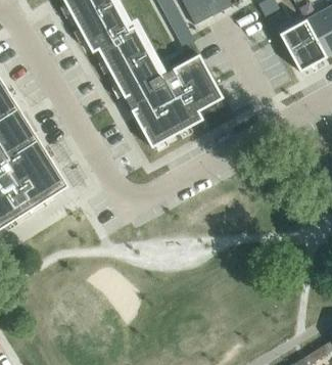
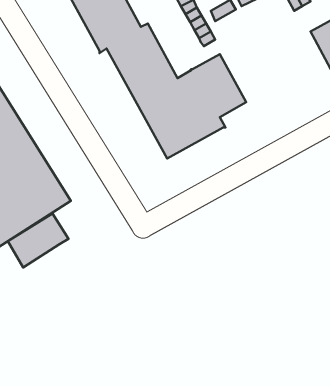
building: none -> [8,214,68,267]

